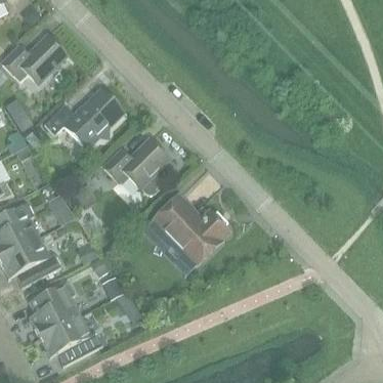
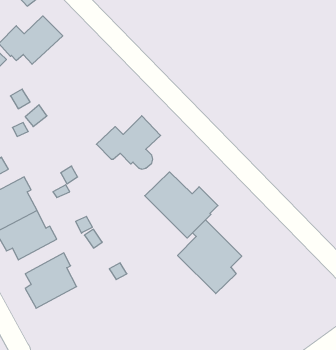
building: [44,88,124,148] -> none
building: none -> [178,220,242,294]
building: [40,314,103,366] -> none

